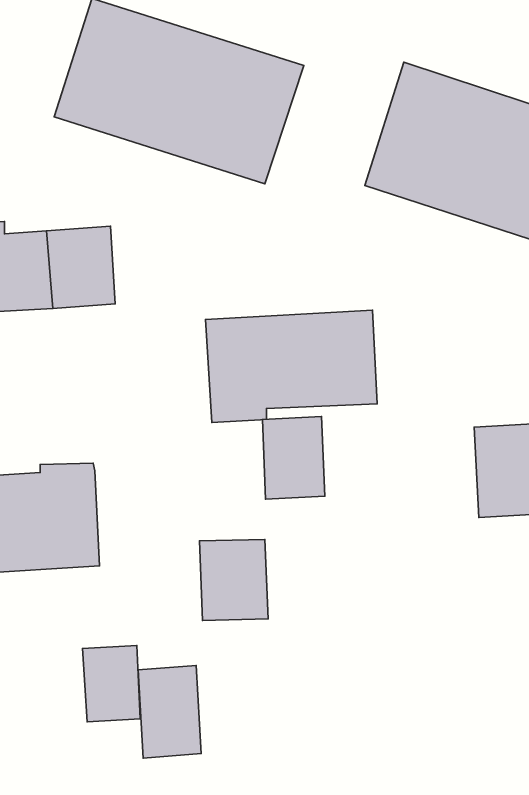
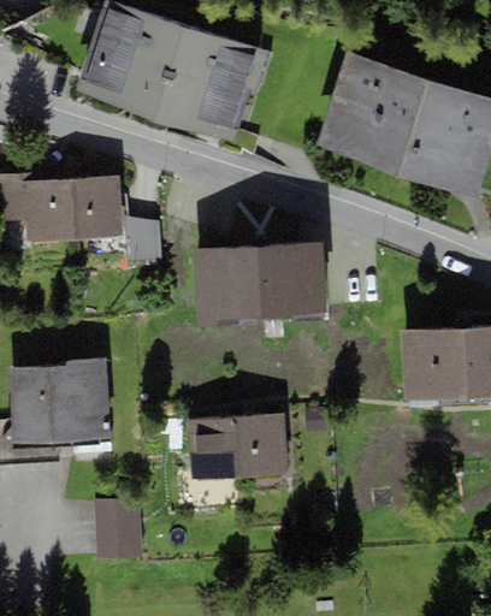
building: none -> [124,215,161,261]
building: [262,416,325,499] -> [238,415,286,479]
building: [138,665,201,758] -> none

